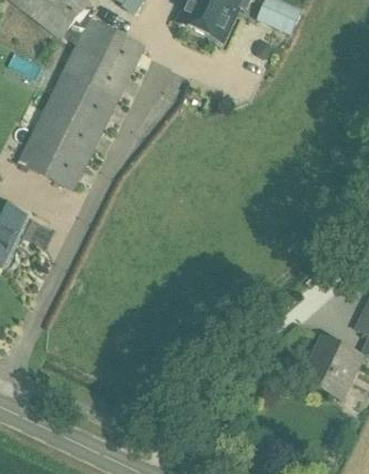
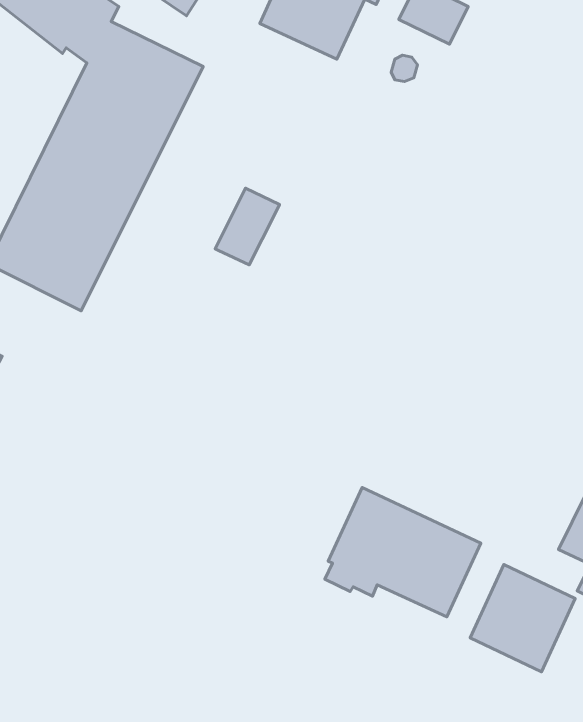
building: none -> [215,188,279,265]
building: none -> [325,487,481,617]

